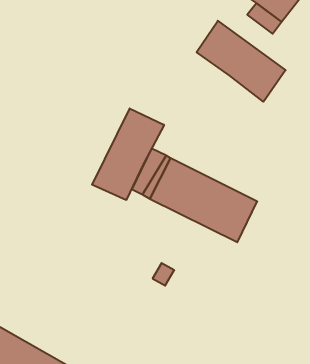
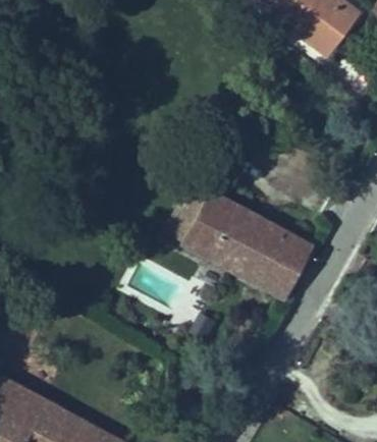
building: [197,21,286,102] -> none
building: [92,108,164,200] -> none

